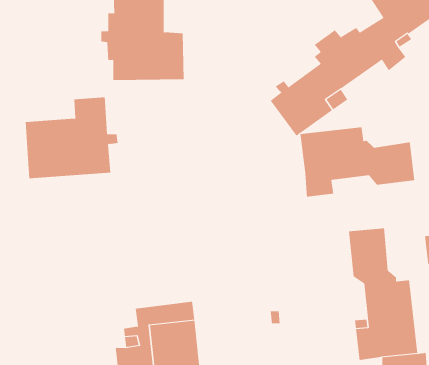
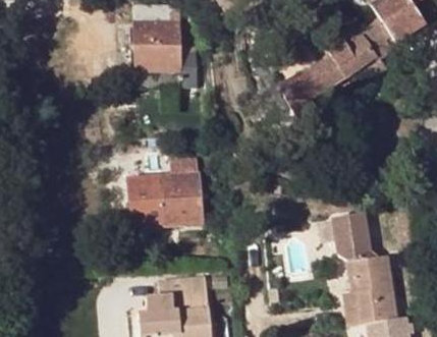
building: [25,97,118,179] -> [126,156,207,226]
building: [300,127,415,197] -> none

